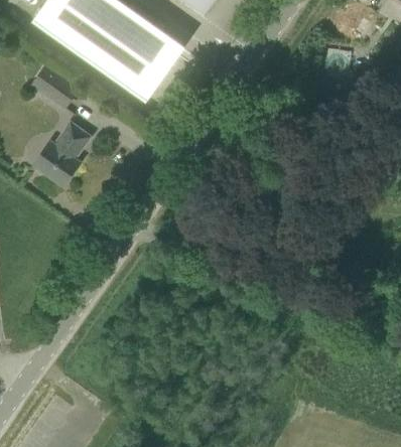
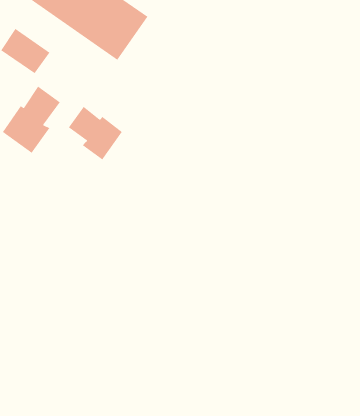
building: none -> [68,106,123,160]

